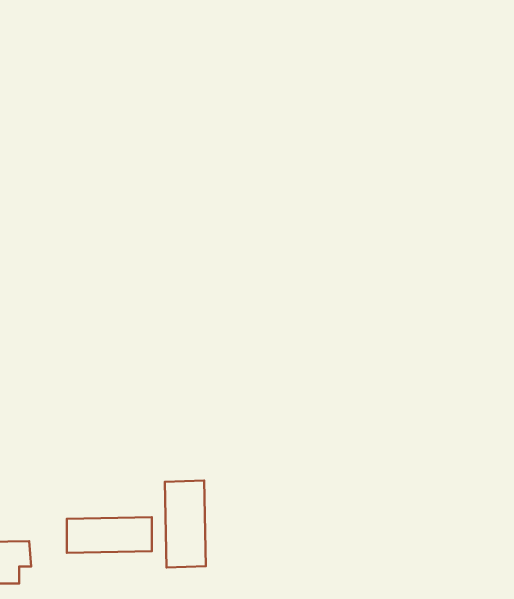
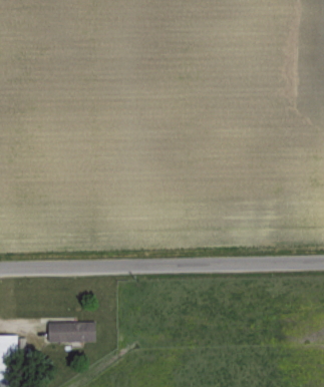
building: [165,480,206,568] -> none

